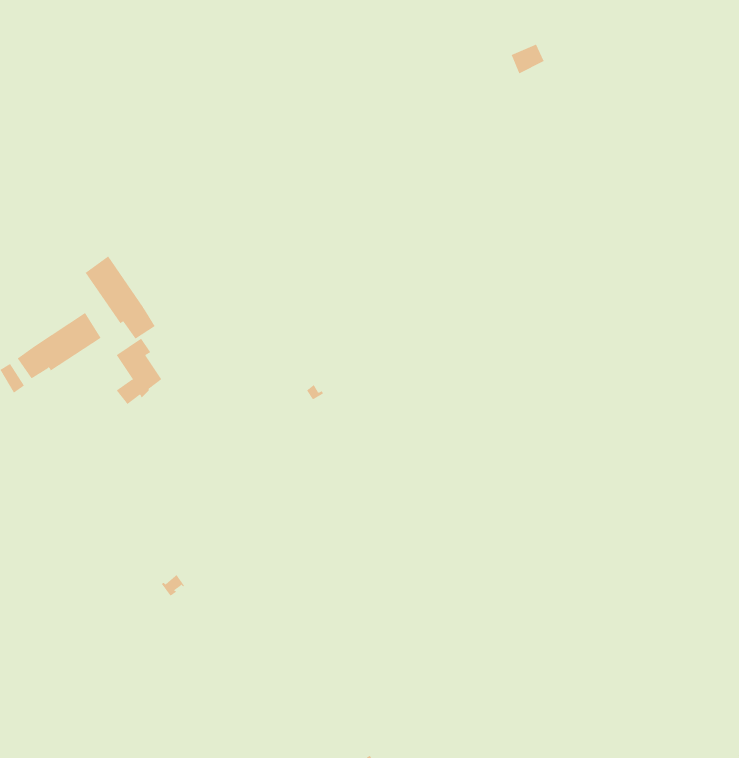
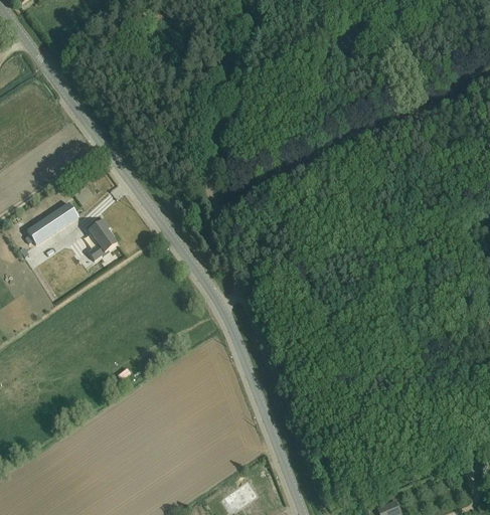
building: [85,256,156,340] -> none

